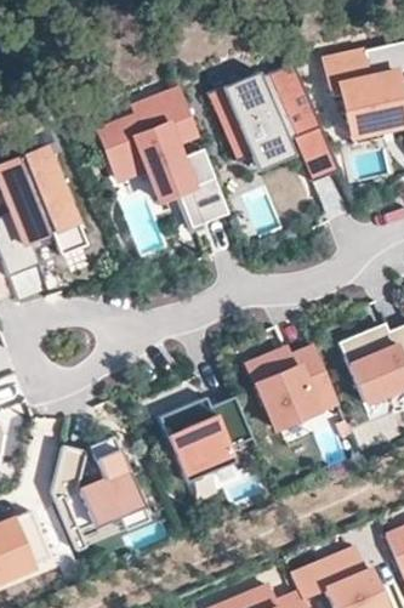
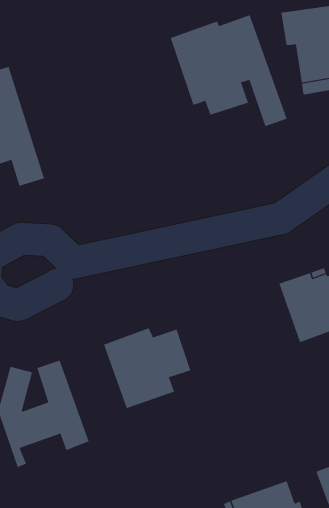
building: [96,89,228,228] -> none
building: [247,346,336,428] -> none

